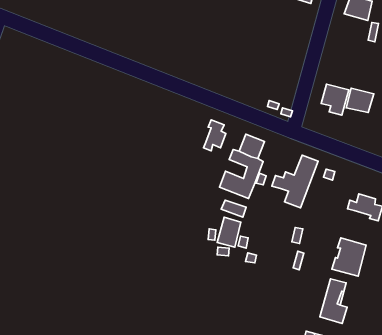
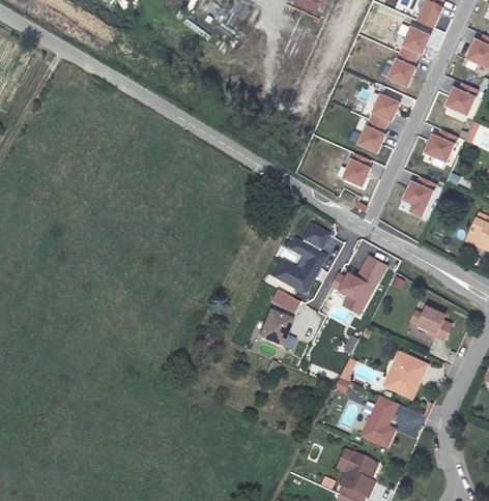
building: none -> [371,92,401,123]
building: none -> [355,125,386,155]
building: none -> [341,158,371,187]
building: [346,88,374,113] -> [422,132,455,163]
building: [203,120,226,151] -> none

